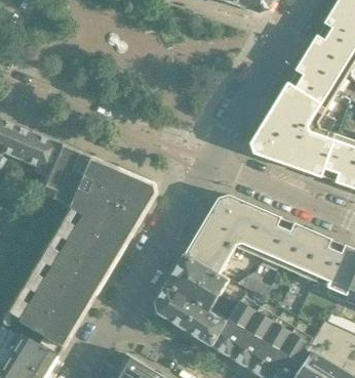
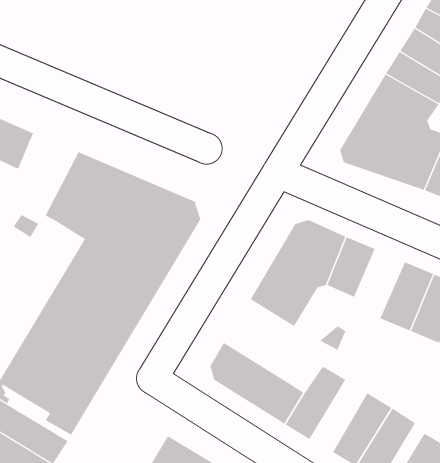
building: [16,132,60,177] -> none
building: [261,217,301,268] -> none
building: [167,255,229,312] -> none
building: [231,313,273,367] -> none

